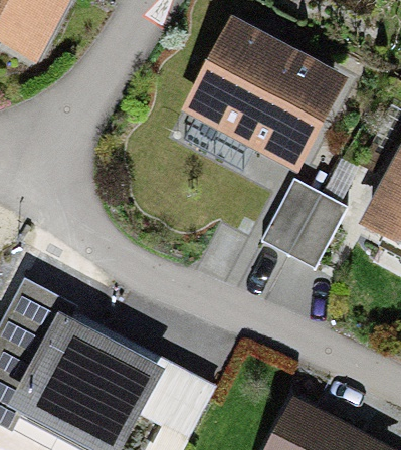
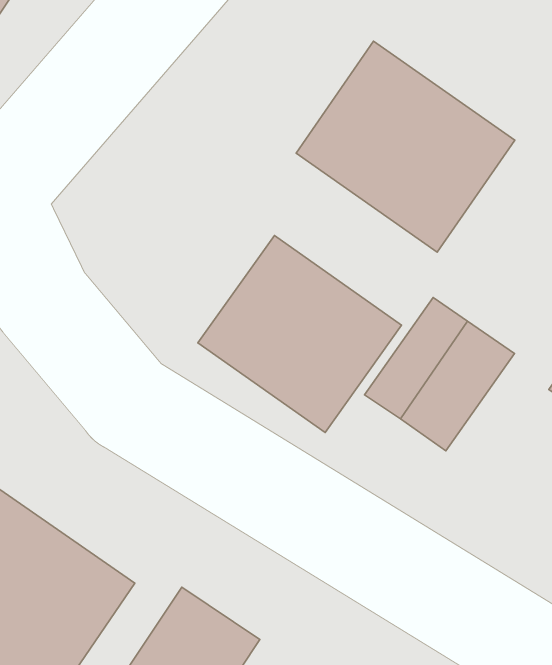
building: none -> [198,236,402,433]

